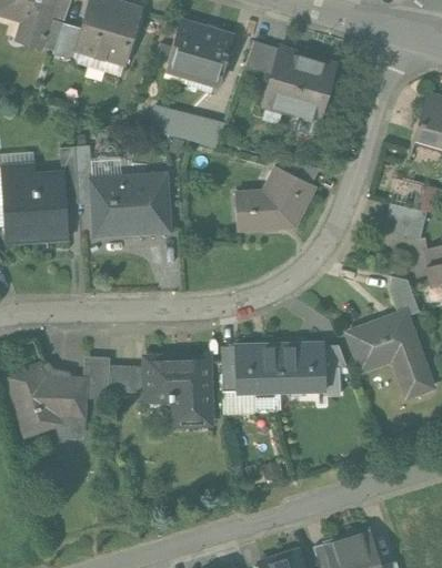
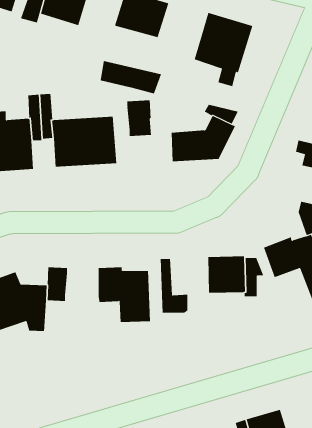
building: [245,41,281,75] -> none
building: none -> [127,99,151,137]
building: [237,345,282,410] -> none
building: [109,365,148,394] -> none

